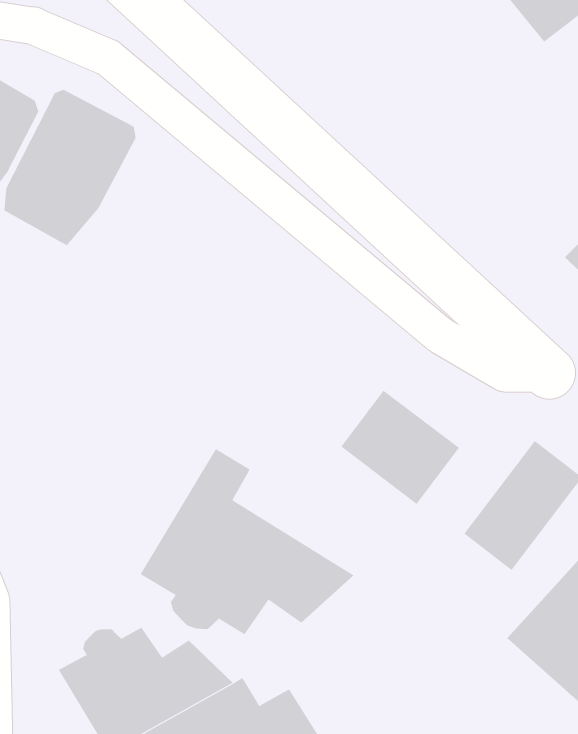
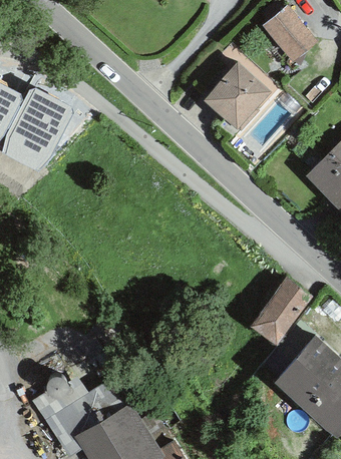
building: none -> [204,62,272,130]
building: [340,390,460,505] -> none
building: [140,448,354,635] -> none

